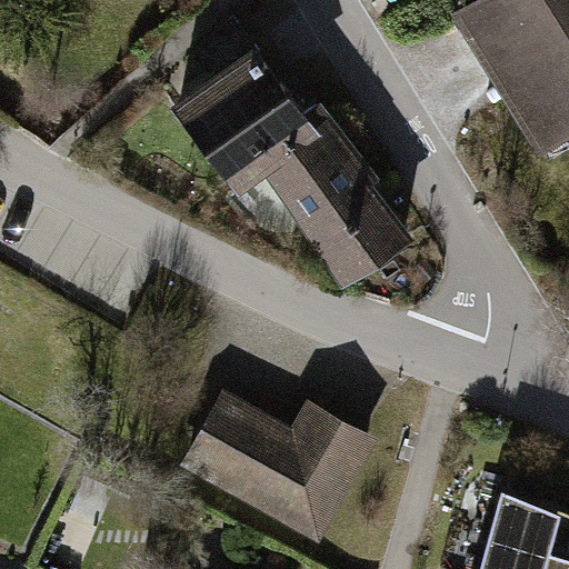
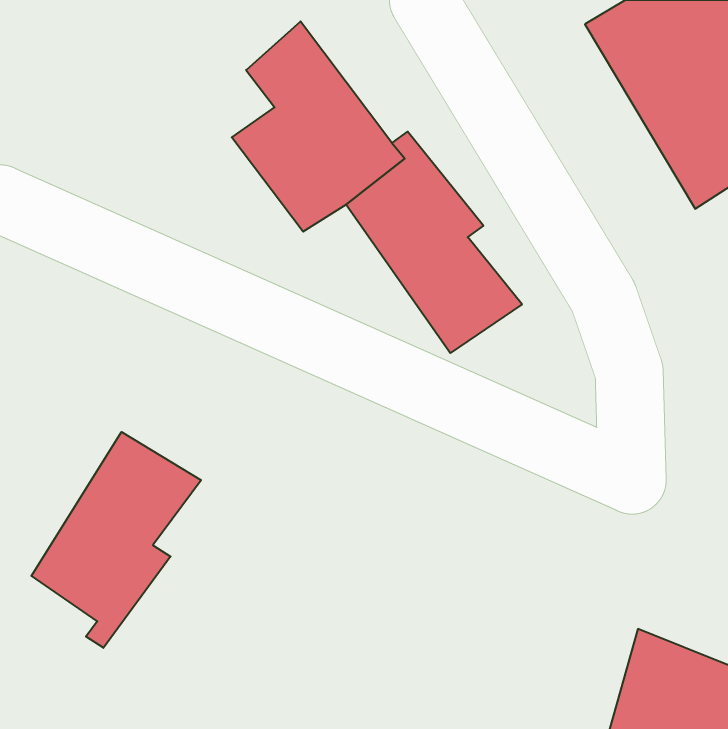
building: none -> [31,432,201,648]
building: [180,396,381,552] -> none

